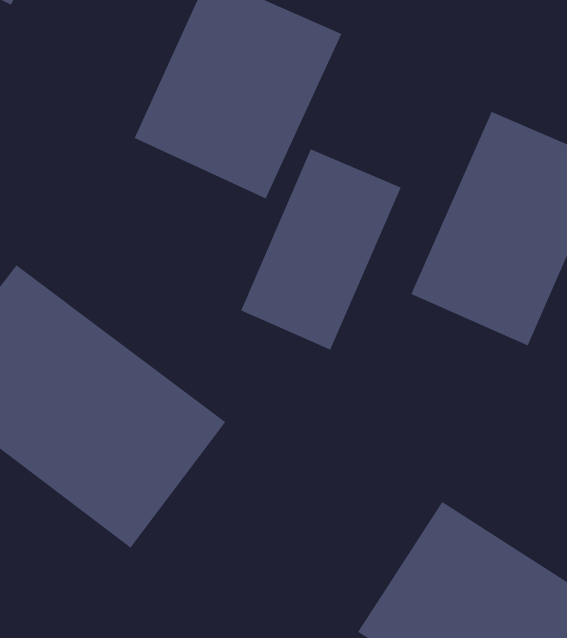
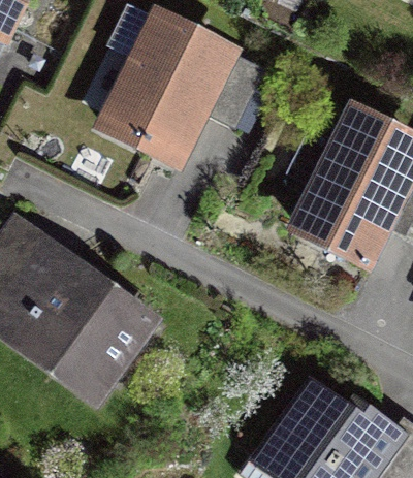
building: [240,148,402,350] -> none

